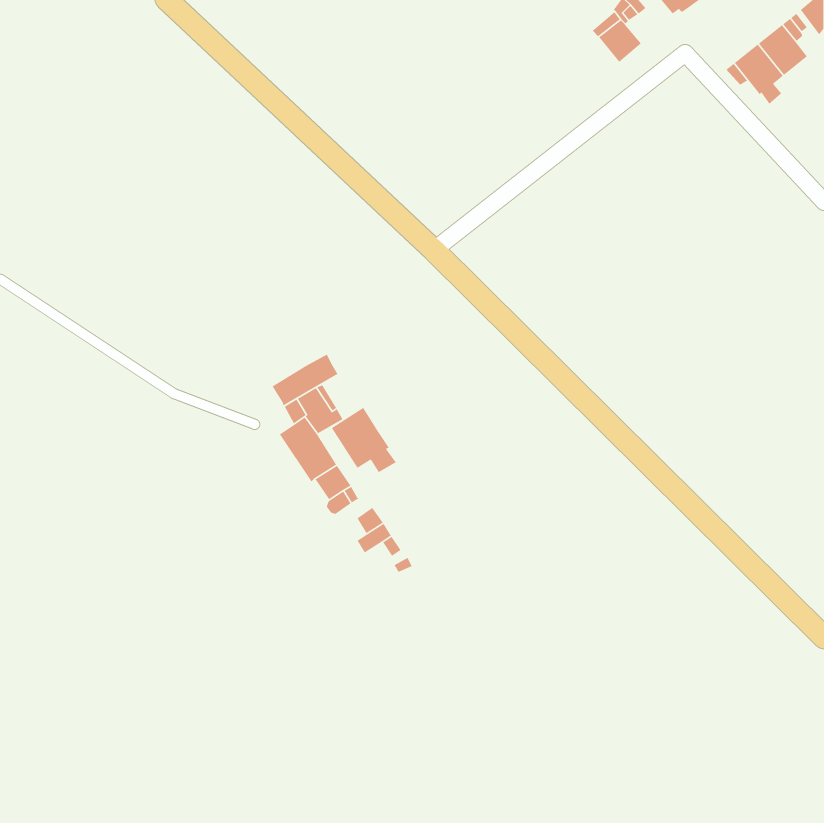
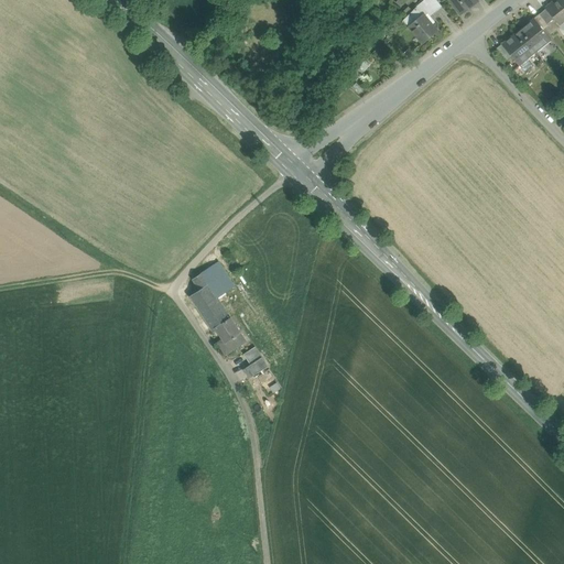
building: [271,354,338,407] -> none
building: [331,407,397,473] -> none

